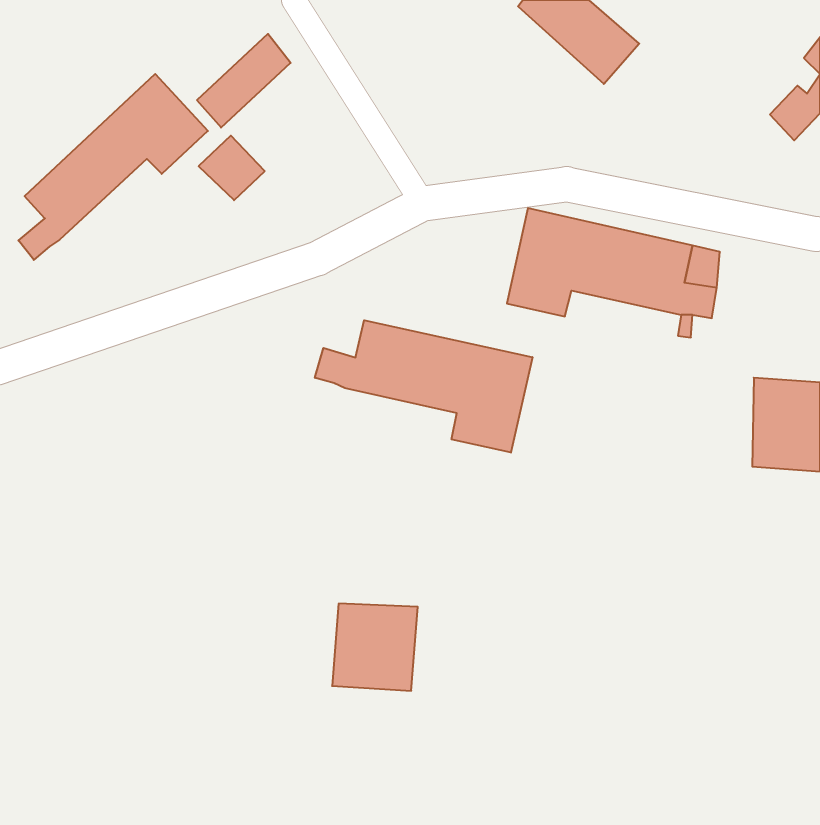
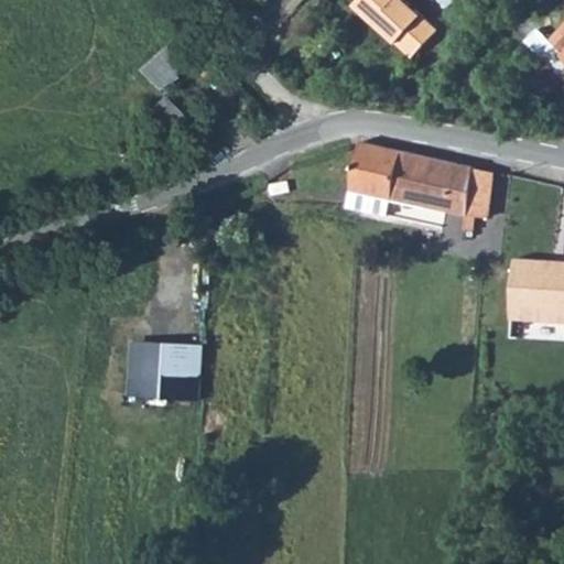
building: [18,74,208,260] -> none
building: [315,320,532,453] -> none
building: [332,604,418,691] -> [143,341,202,401]

